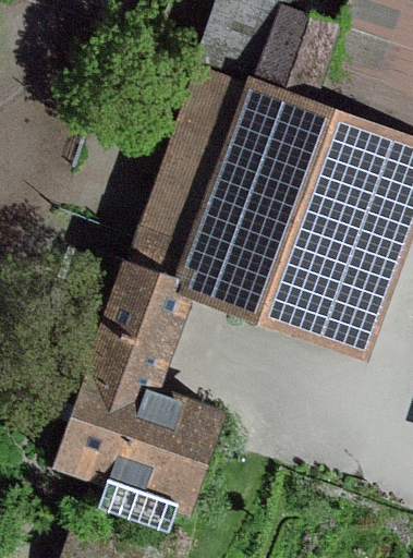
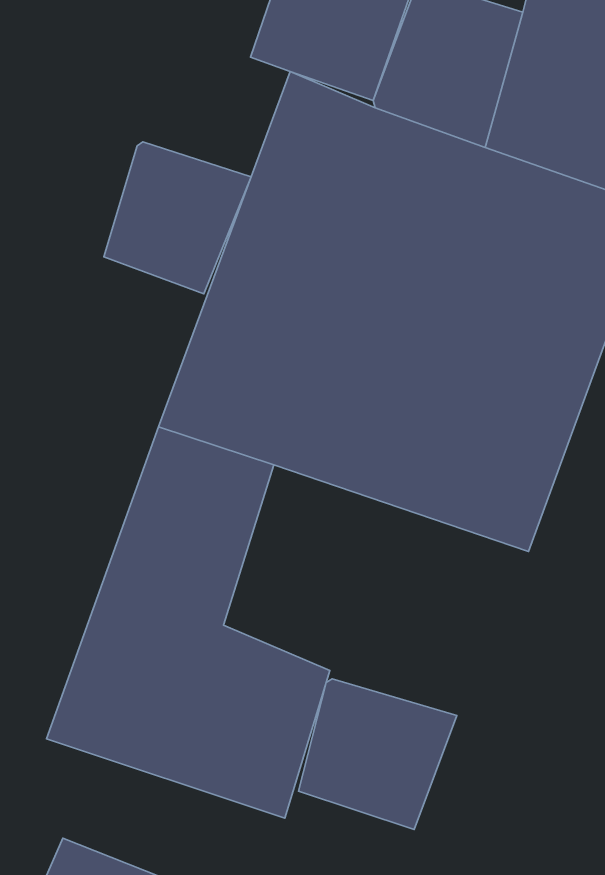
building: none -> [104,142,251,294]
building: none -> [298,679,457,830]

